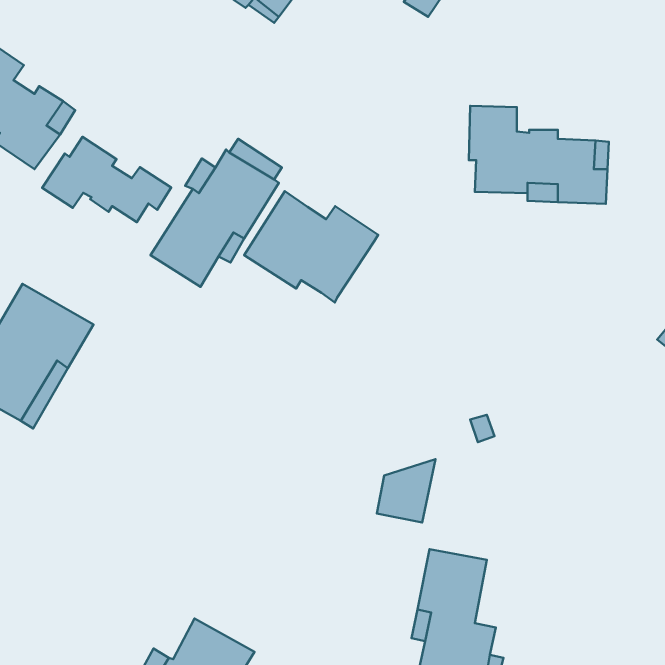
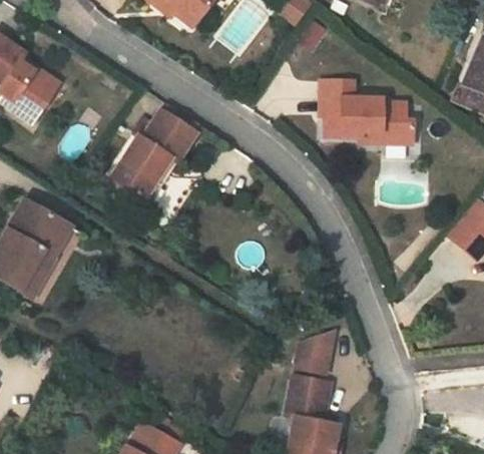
building: [42,137,171,222] -> none
building: [244,191,378,302] -> none
building: [377,459,436,522] -> [298,332,337,374]

